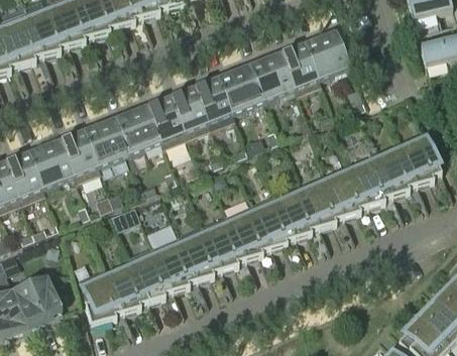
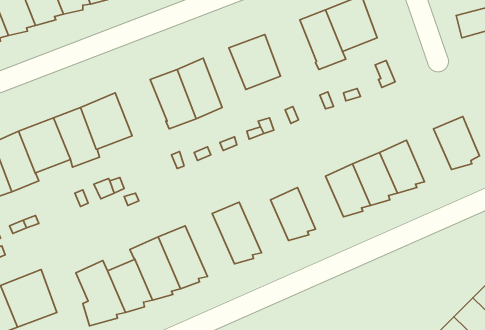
building: [248,49,295,100] -> none
building: [193,75,234,128] -> none
building: [114,103,160,153] -> none
building: [375,147,416,195] -> none
building: [277,190,319,237] -> none
building: [225,202,269,258] -> none
building: [177,223,221,279] -> none

